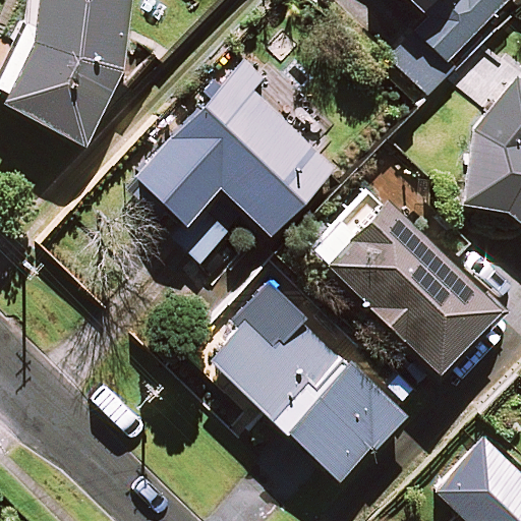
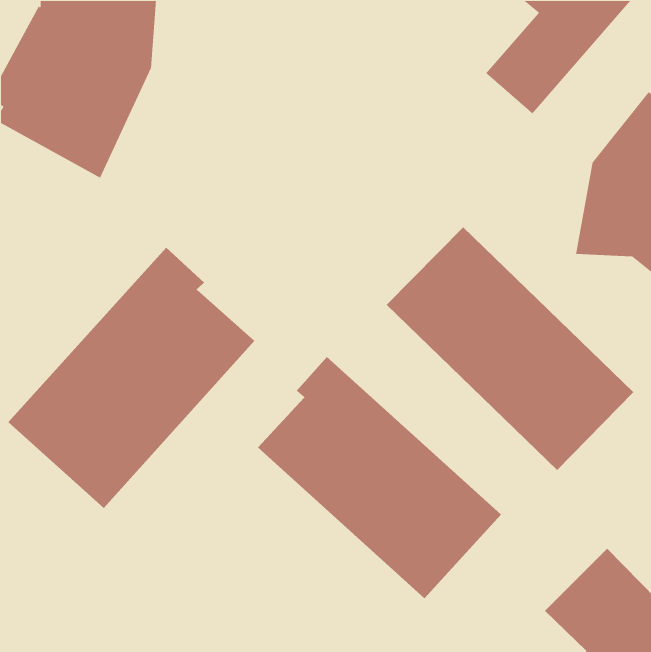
building: [135,72,332,264] -> none
building: none -> [7,247,255,509]

